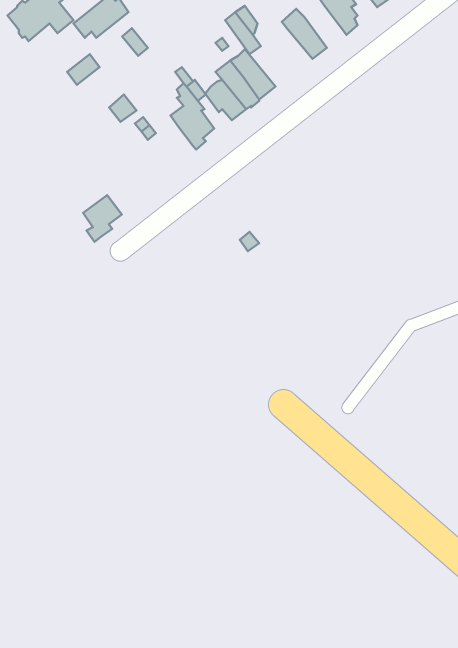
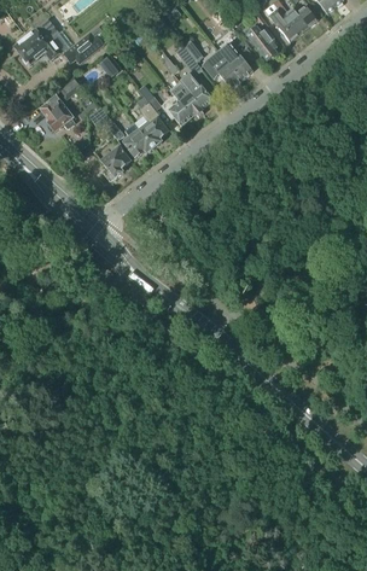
building: none -> [202,51,241,87]
building: none -> [40,94,74,130]
building: none -> [122,121,155,157]
building: [83,195,122,242] -> [101,146,130,181]

